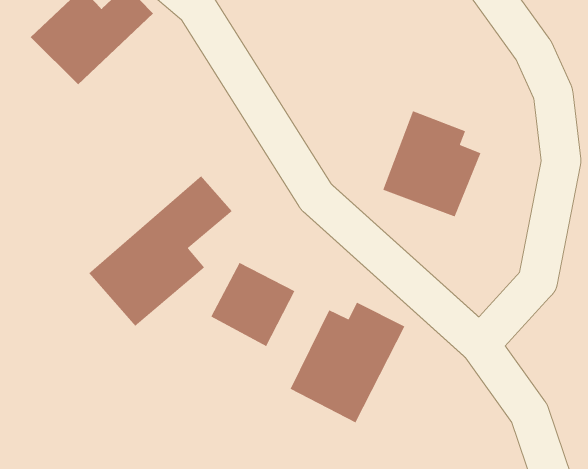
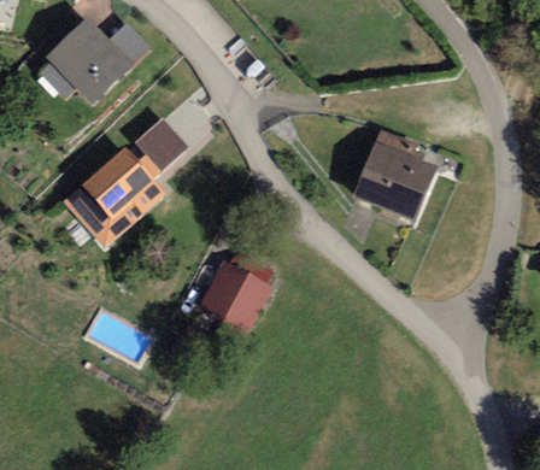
building: [88,175,233,327] -> [64,116,190,248]
building: [290,301,406,423] -> none

